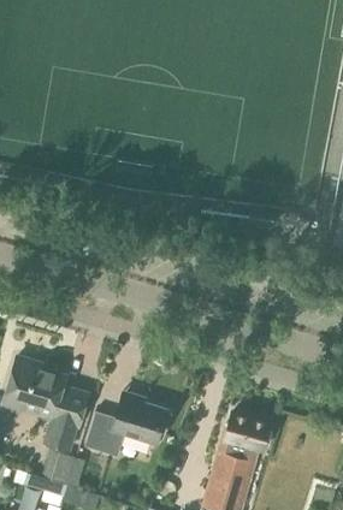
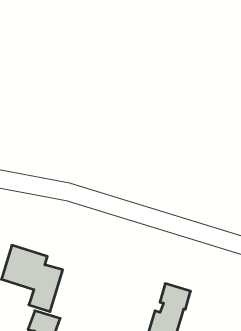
building: [85,392,167,457] -> none

